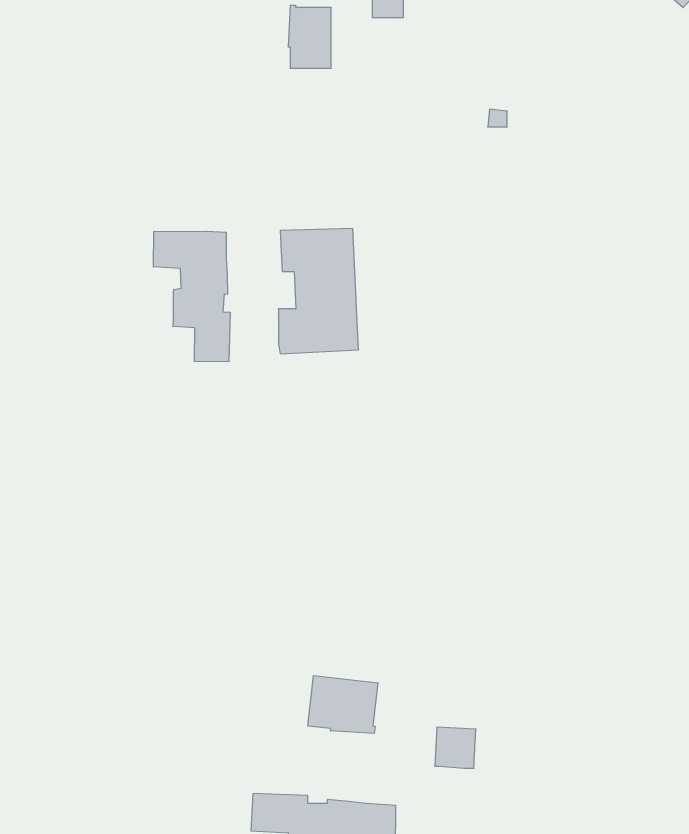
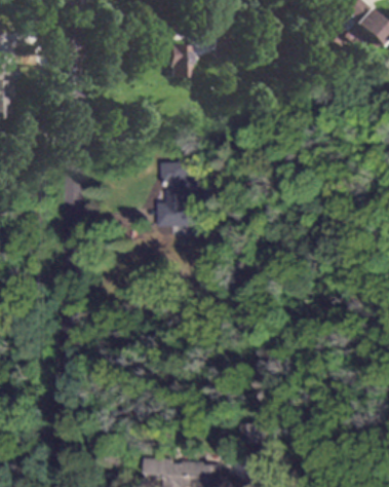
building: [153,231,230,362] -> none
building: [308,676,378,733] -> none

